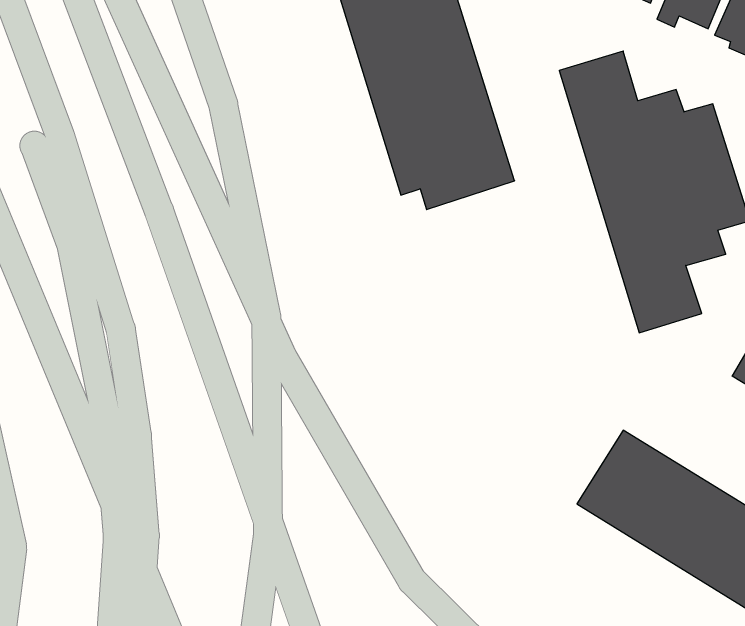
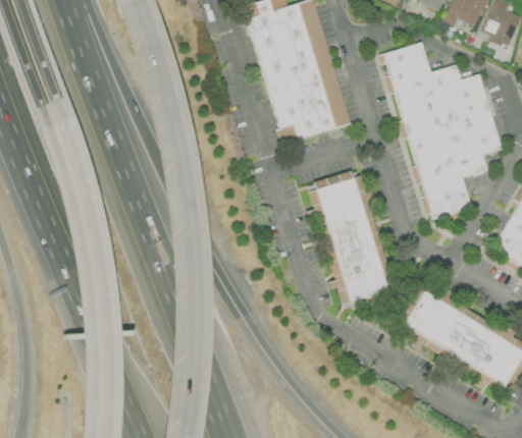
building: none -> [307,172,393,305]

